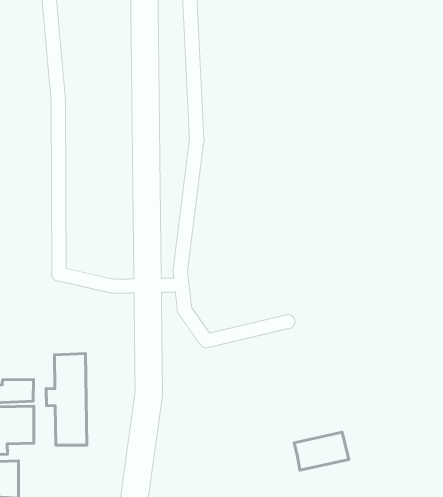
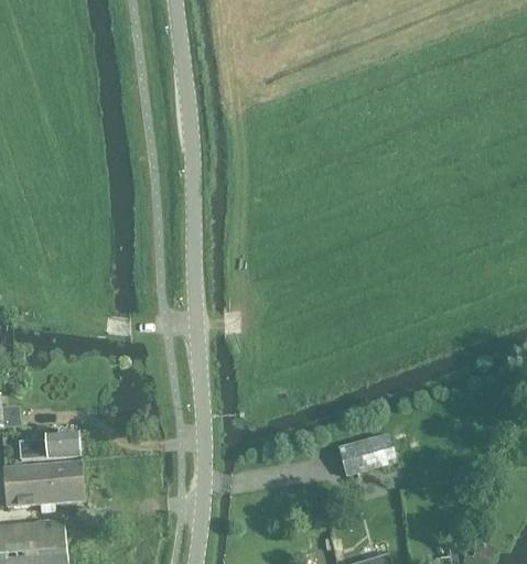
building: [46,354,87,445] -> none
building: [294,432,349,470] -> [335,434,395,477]

